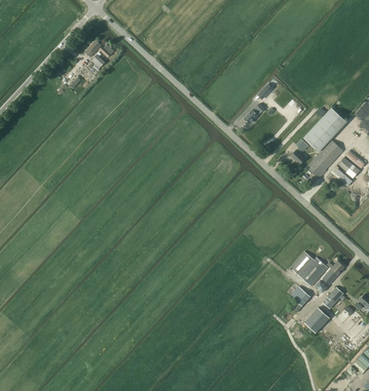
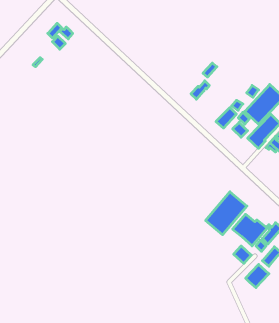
building: none -> [206,192,247,235]

